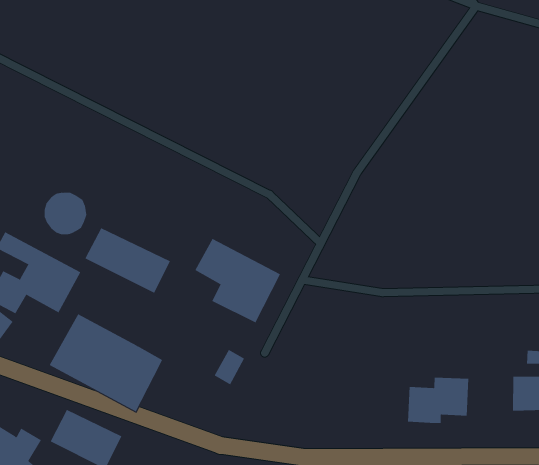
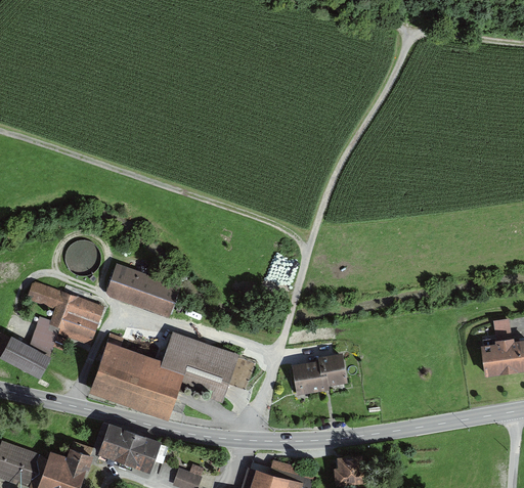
building: [194,238,281,323] -> [161,334,235,401]
building: [407,377,469,424] -> [298,348,352,393]

